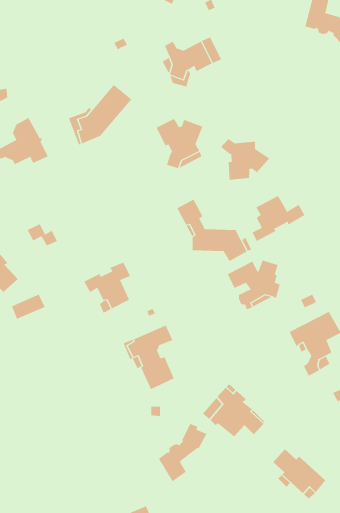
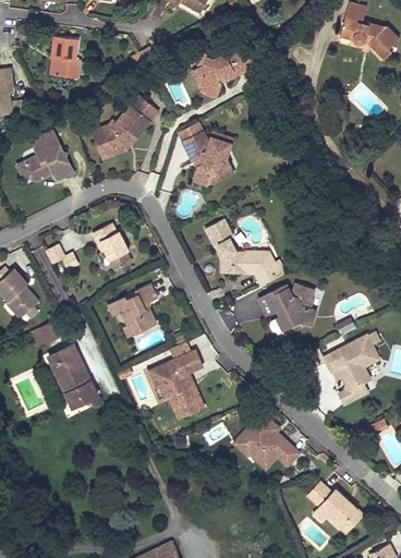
building: none -> [52,36,80,77]
building: [220,138,270,180] -> none
building: [252,195,305,242] -> none
building: none -> [93,221,133,269]
building: none -> [48,343,98,408]
building: [158,423,207,482] -> none

